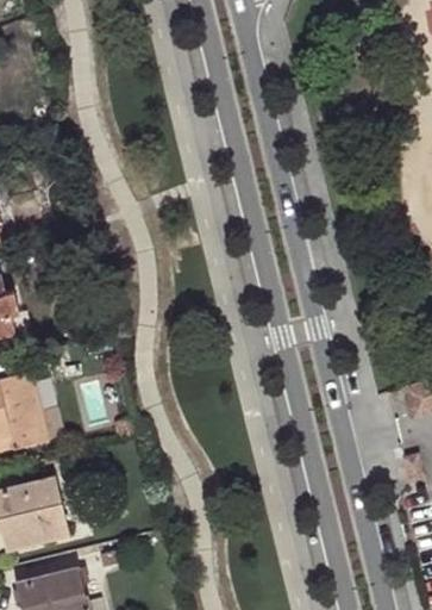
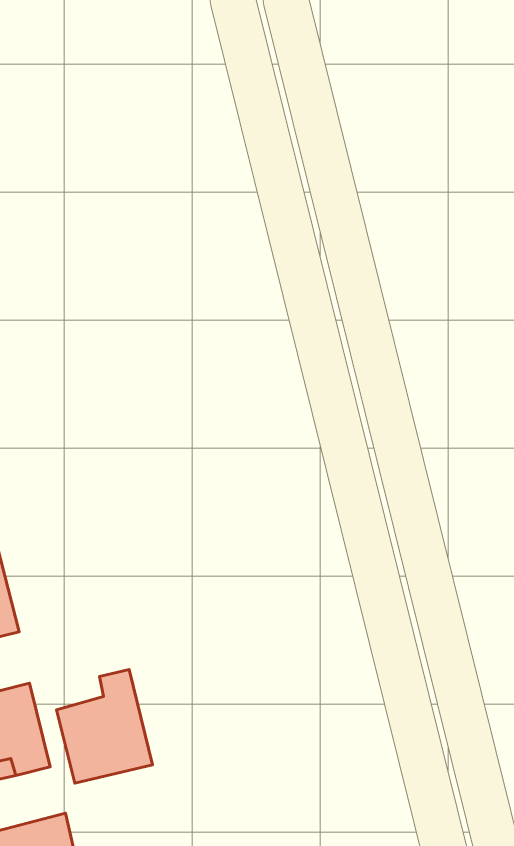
building: none -> [56,670,153,783]

